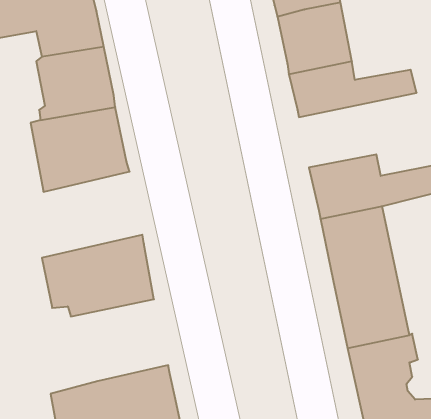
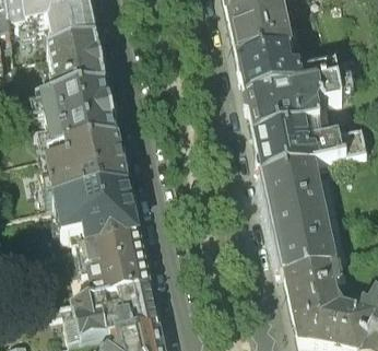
building: none -> [247,72,340,129]
building: none -> [45,132,128,198]
building: none -> [73,230,147,292]

